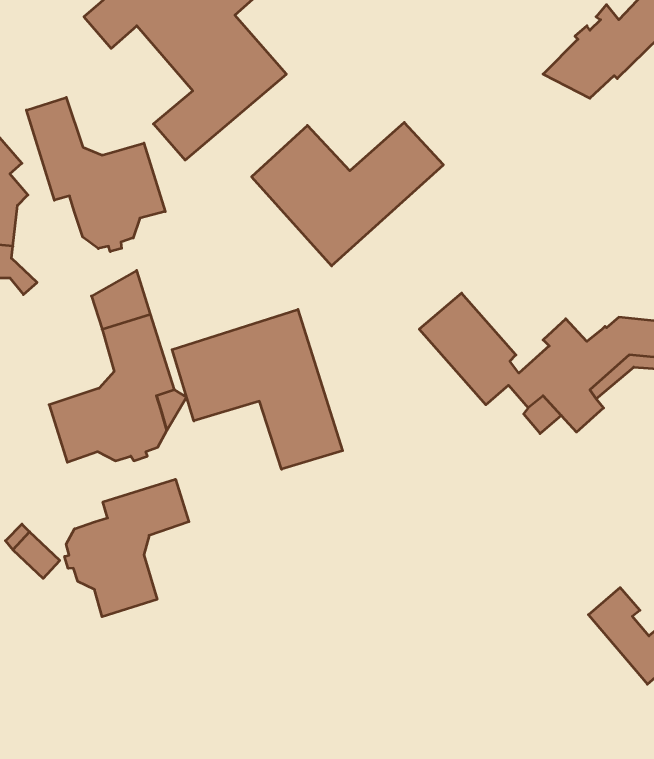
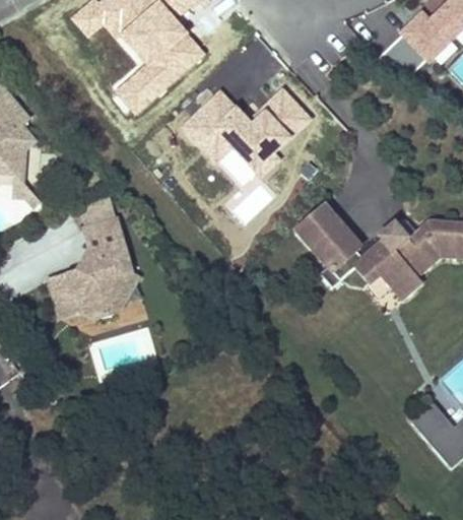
building: [26,97,165,252] -> none
building: [172,309,343,469] -> none
building: [65,479,189,617] -> none

